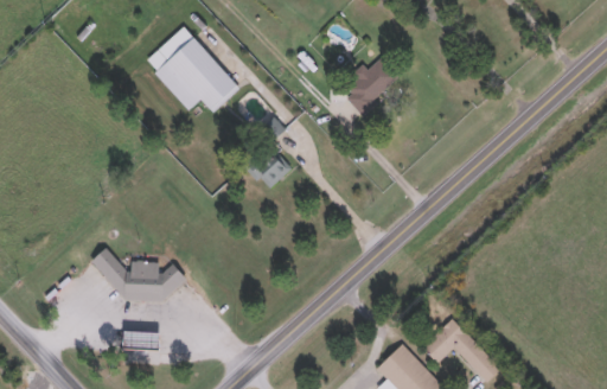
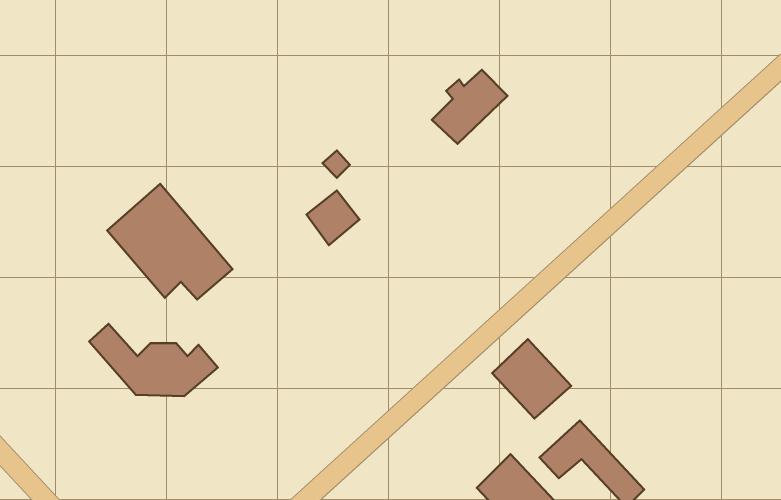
building: [146,26,238,111] -> [107,184,232,300]
building: none -> [492,339,571,418]
building: [122,331,160,349] -> none

